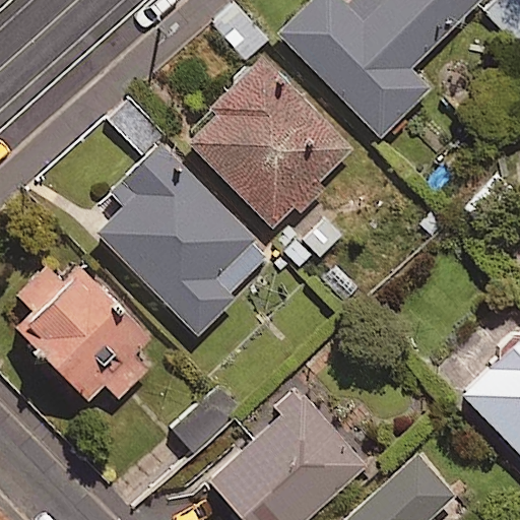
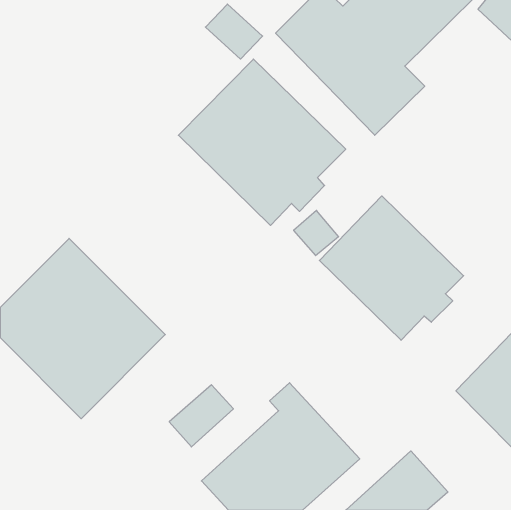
building: [100,147,266,336] -> none
building: none -> [319,196,464,340]

